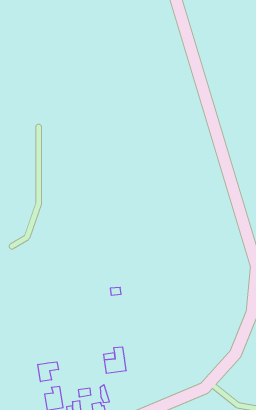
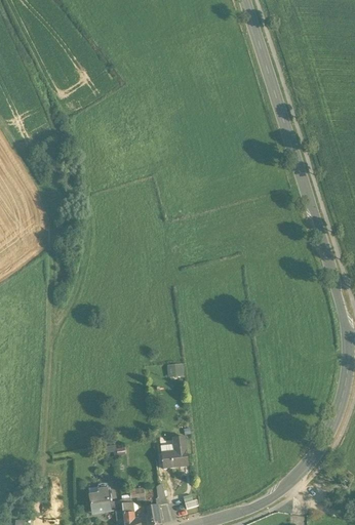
building: [38,362,58,382] -> none

